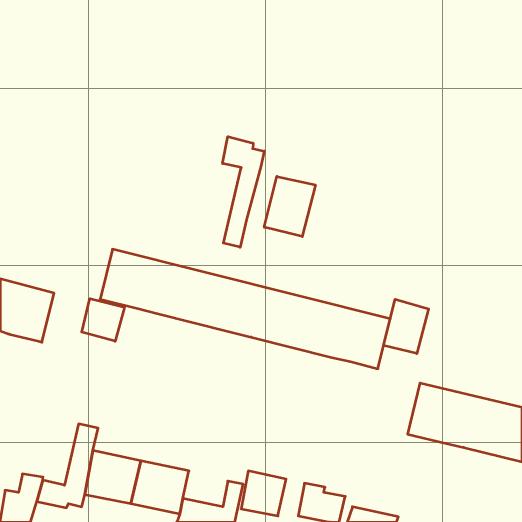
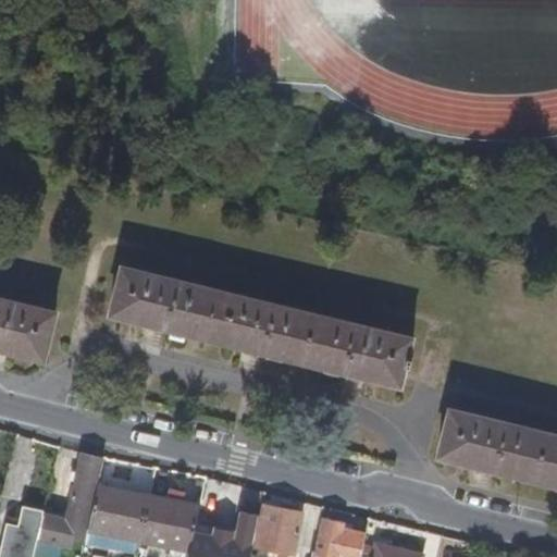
building: [223,137,264,247] -> none
building: [264,176,315,237] -> none
building: [82,299,124,341] -> none
building: [384,299,429,354] -> none

